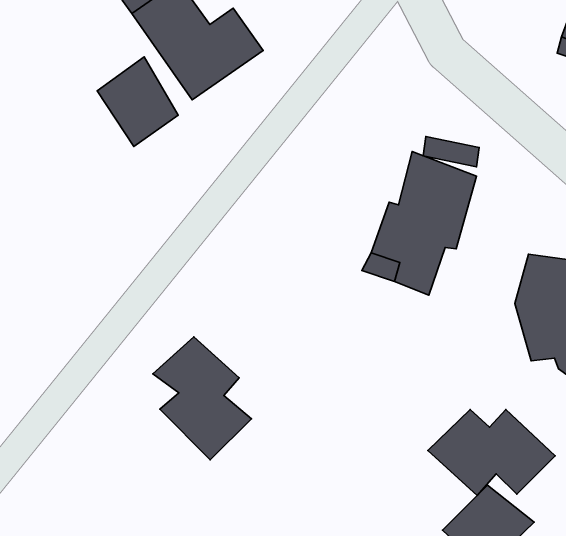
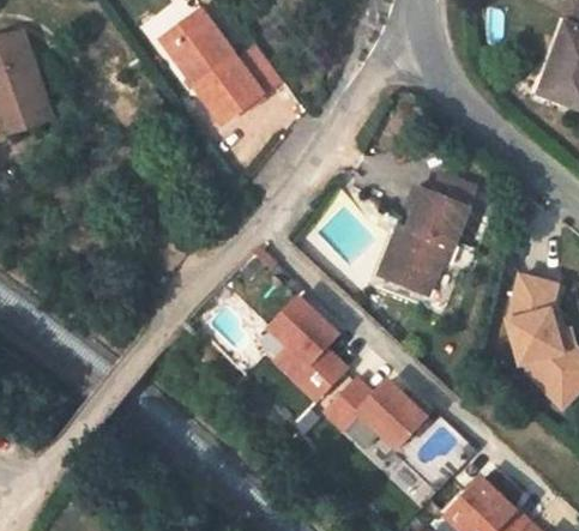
building: [97,57,178,146] -> none
building: [153,337,251,460] -> [264,292,350,400]
building: [428,409,555,496] -> [320,374,432,449]

